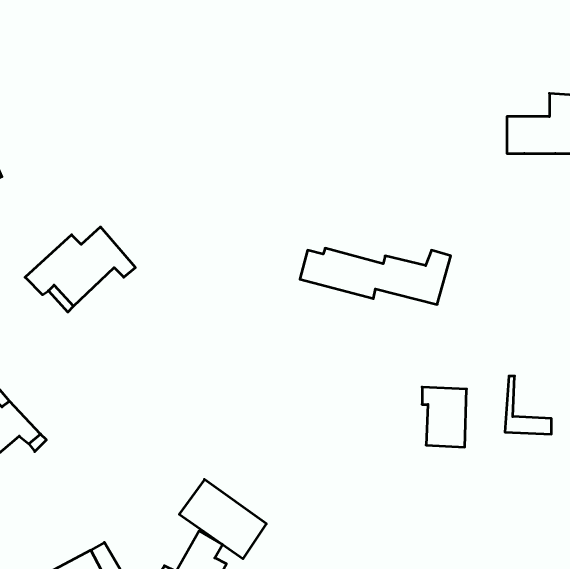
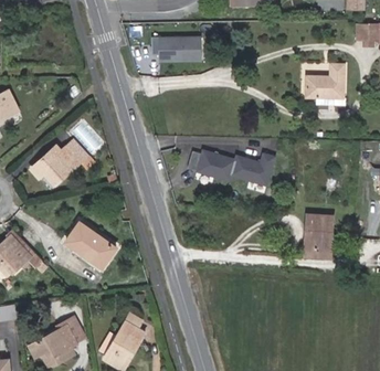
building: none -> [150,36,199,61]
building: [422,387,467,447] -> [306,214,331,248]
building: [179,479,266,559] -> [65,222,115,267]

